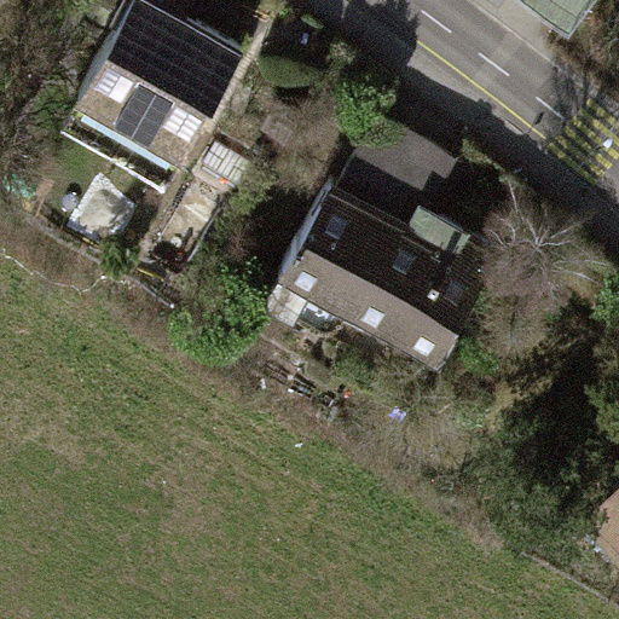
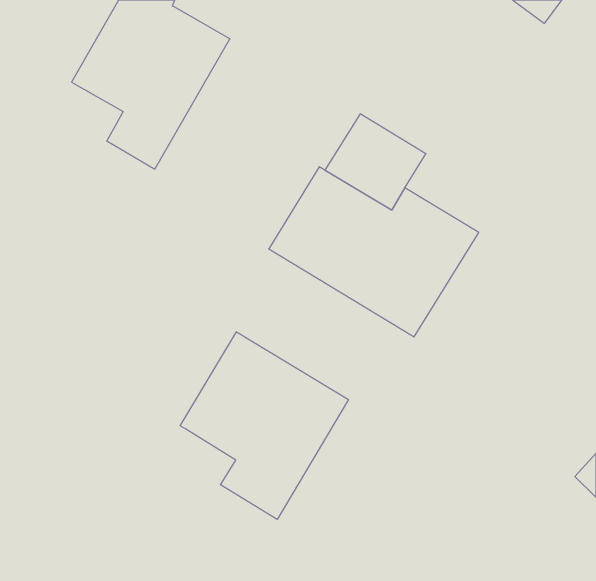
building: none -> [180,332,349,519]

